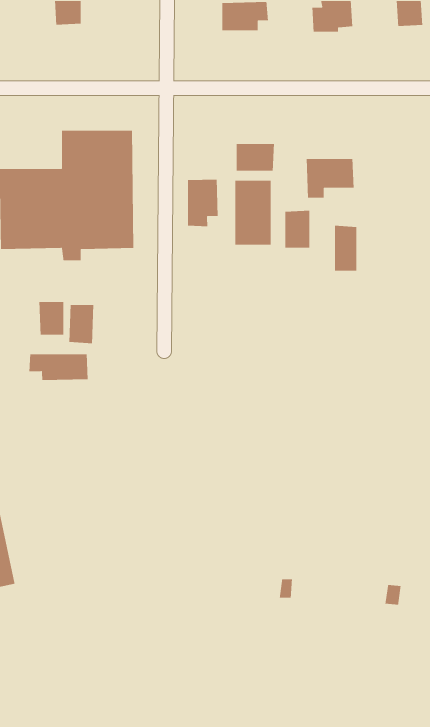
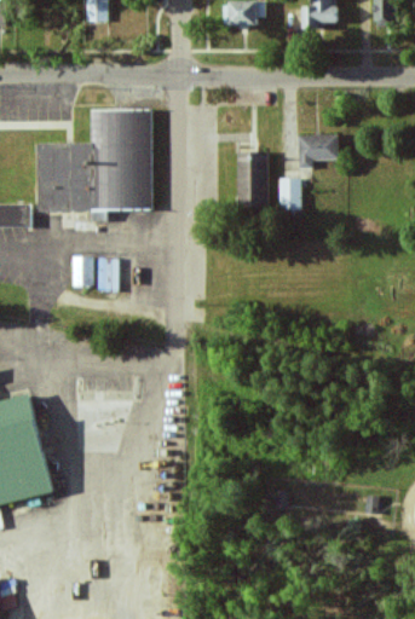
building: [236,143,275,171] -> none
building: [187,179,219,227] -> none
building: [334,225,357,271] -> none
building: [28,354,89,381] -> none

